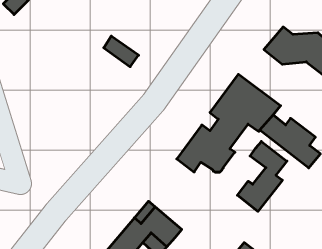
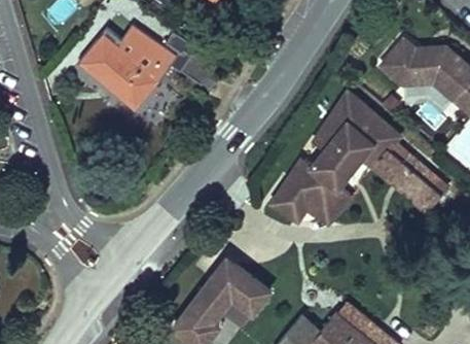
building: none -> [74,25,173,109]
building: [237,141,287,211] -> none

